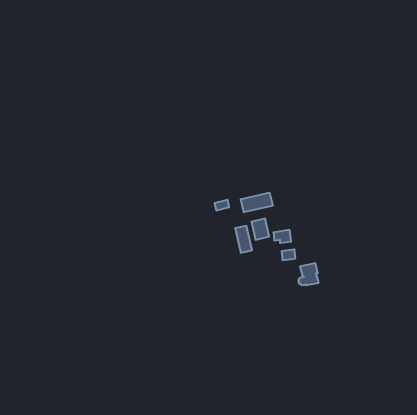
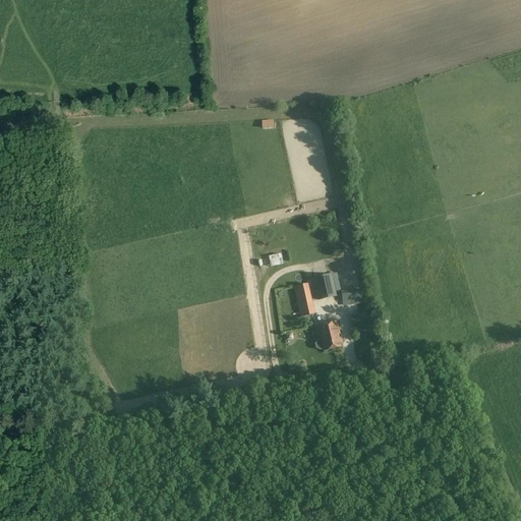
building: [241,193,273,212] -> none
building: [298,263,319,285] -> [315,321,341,348]

